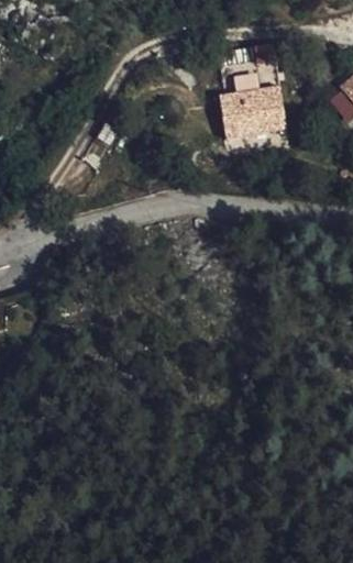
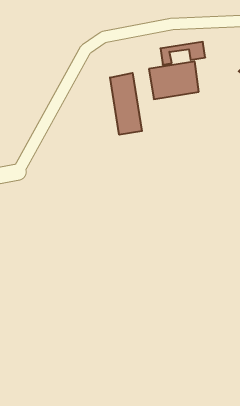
building: none -> [110,73,142,135]

